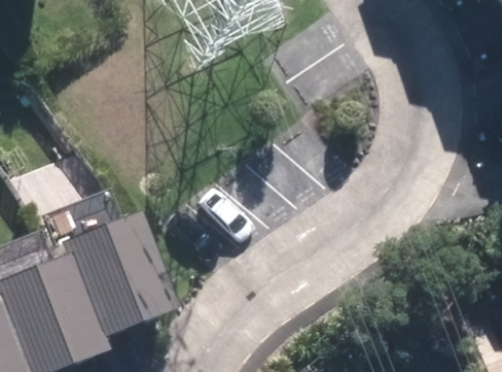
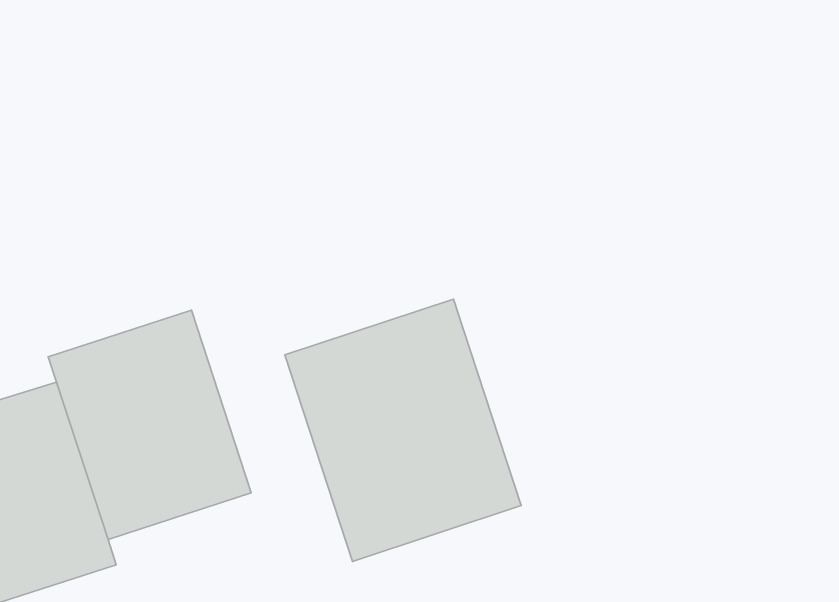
building: none -> [285,299,521,561]

